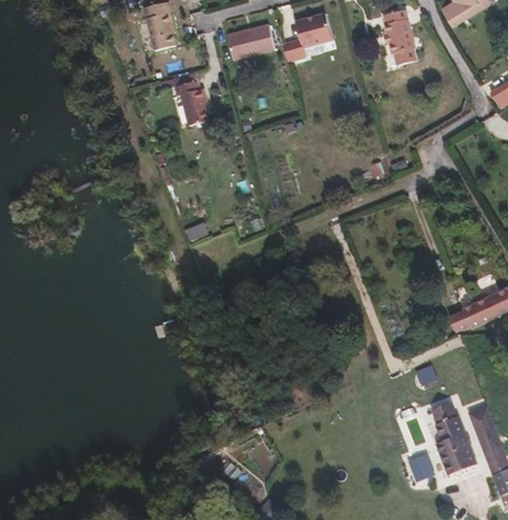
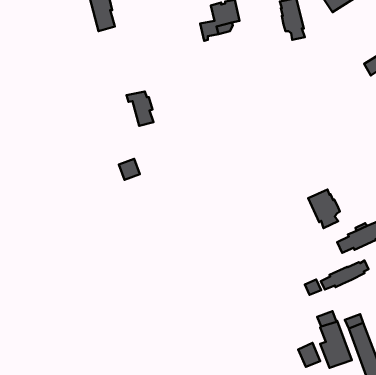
building: [228,23,274,53] -> none
building: [175,80,209,123] -> [127,91,153,126]
building: none -> [308,189,340,228]
building: none -> [321,260,368,290]

